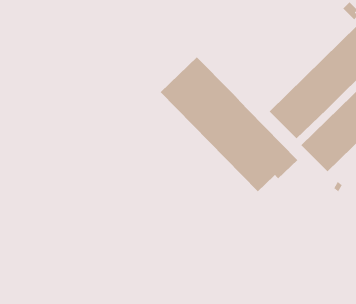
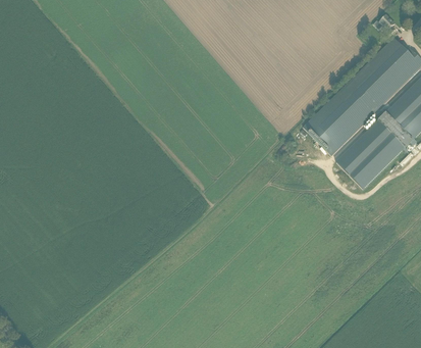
building: [160,56,298,192] -> none

